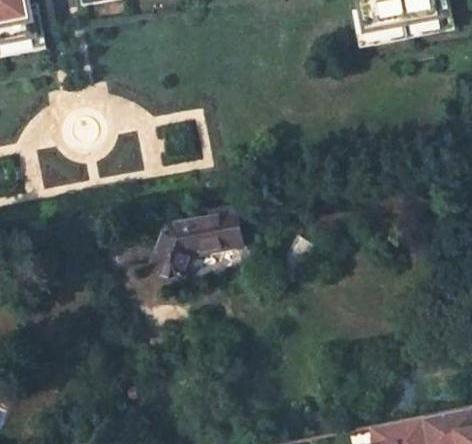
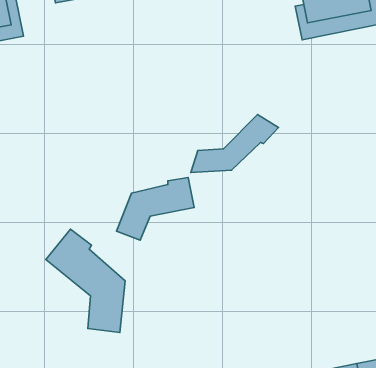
building: none -> [191,114,279,173]
building: none -> [46,229,125,333]

